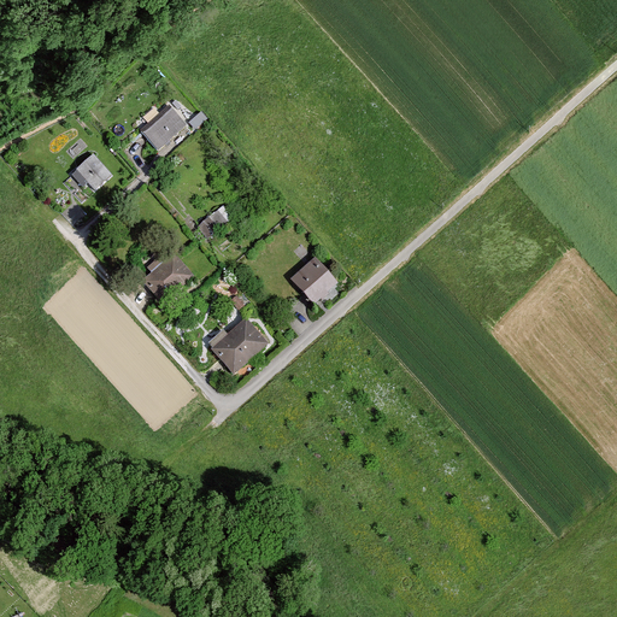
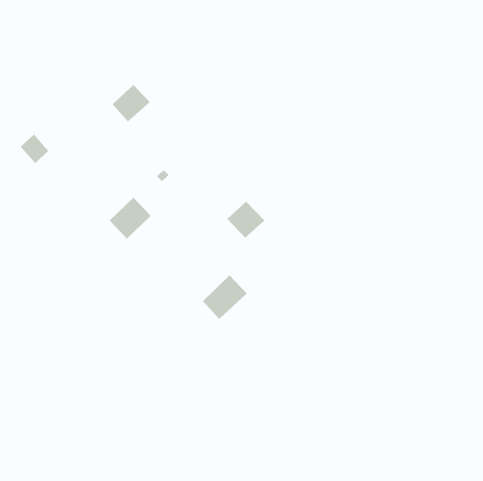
building: [75,151,112,189] -> [20,134,49,164]
building: [211,316,269,374] -> [202,275,248,320]

